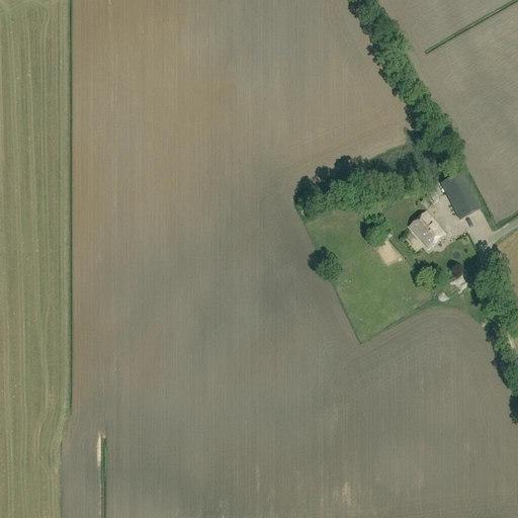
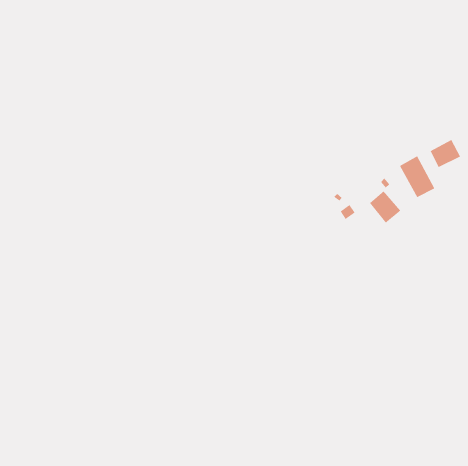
building: none -> [430,139,461,168]

